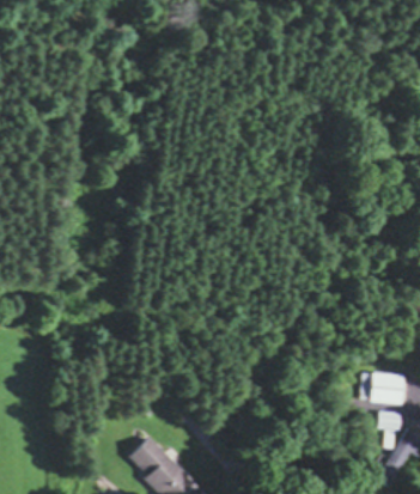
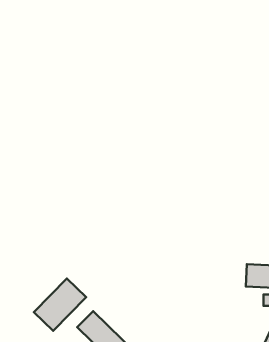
building: none -> [34,278,86,331]

